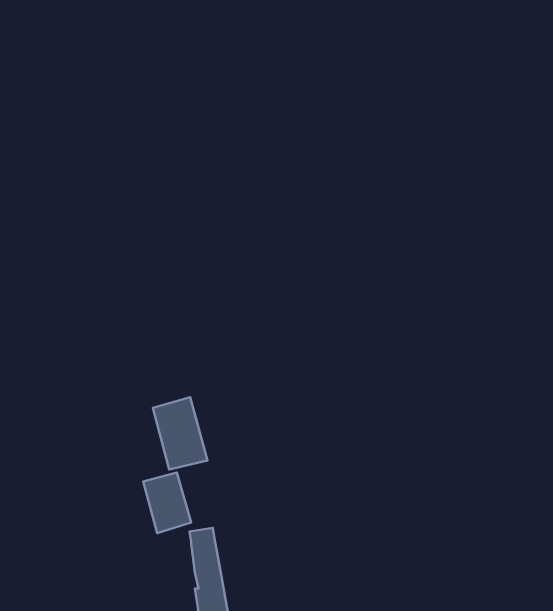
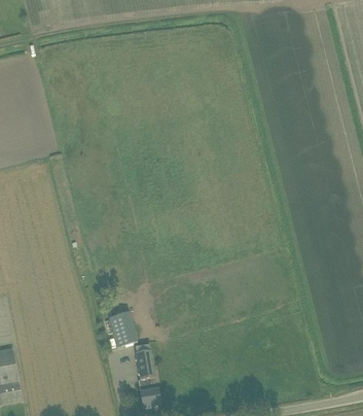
building: [153,397,208,469] -> none

